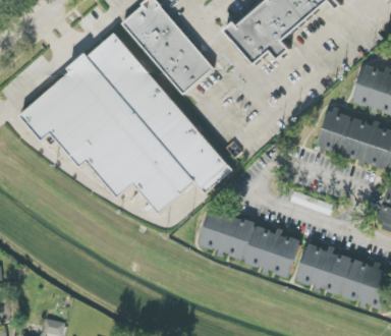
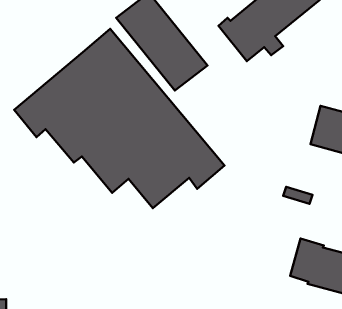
building: [200,212,300,278] -> none

